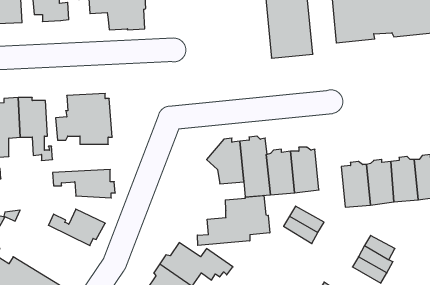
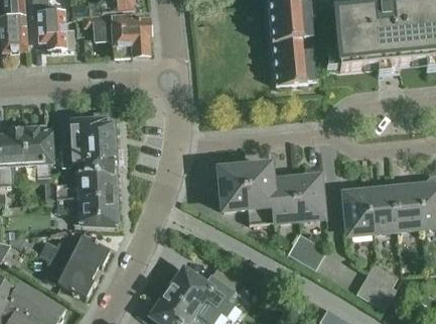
building: none -> [57,169,118,199]
building: [197,195,270,245] -> none
building: none -> [47,251,95,297]

